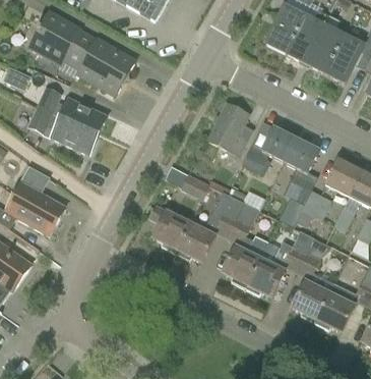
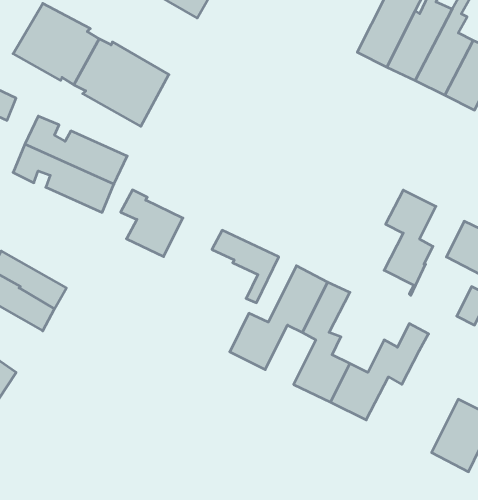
building: [208,103,252,154] -> none
building: [242,126,296,174] -> none
building: [296,188,331,226] -> none
building: [147,203,190,249] -> [121,190,183,257]
building: [291,248,333,318] -> none

